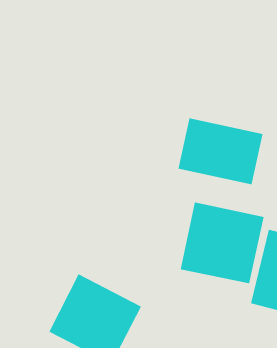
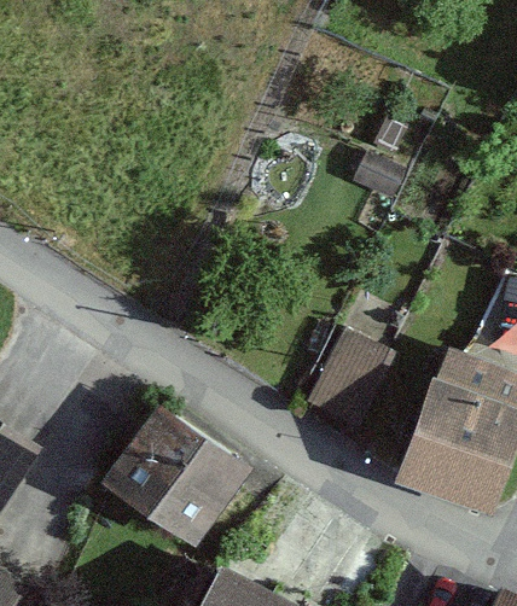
building: [178,117,263,185] -> none

